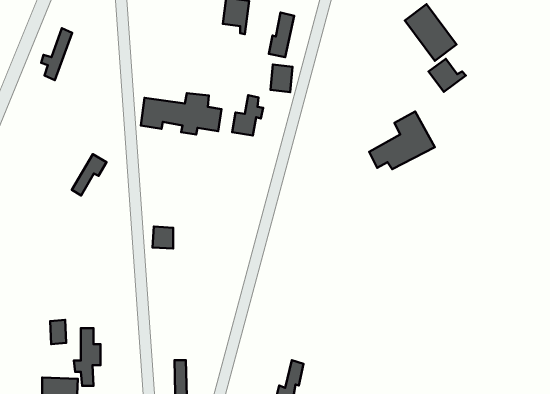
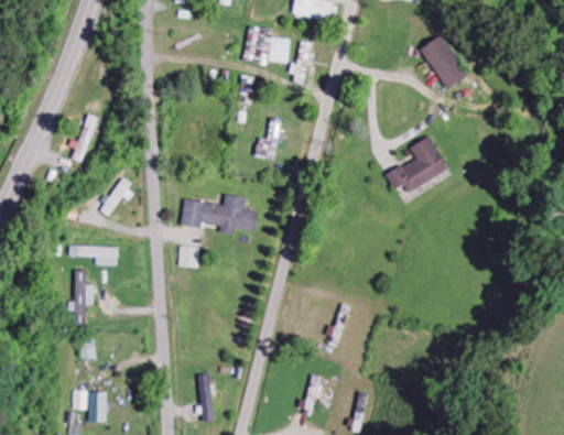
building: [41,28,72,80] -> [68,113,98,163]
building: [428,59,466,92] -> none
building: [270,65,292,92] -> [269,36,290,63]
building: [141,93,222,135] -> [181,195,258,235]
building: none -> [69,246,118,265]
building: [74,328,100,386] -> [68,270,94,325]

